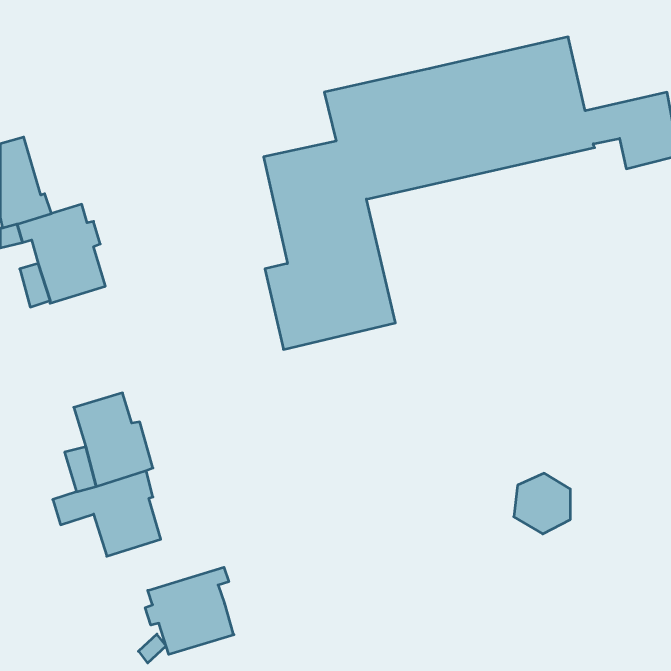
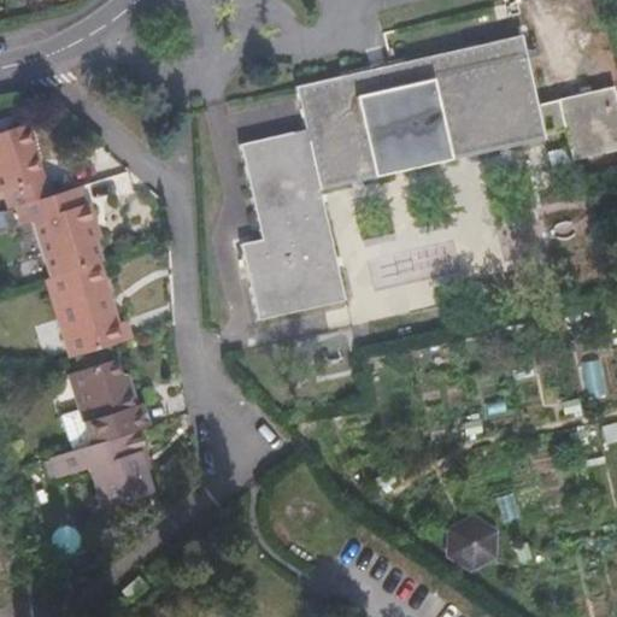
building: none -> [45,260,134,358]
building: [514,473,570,534] -> [445,515,496,570]
building: [145,567,234,654] -> none

